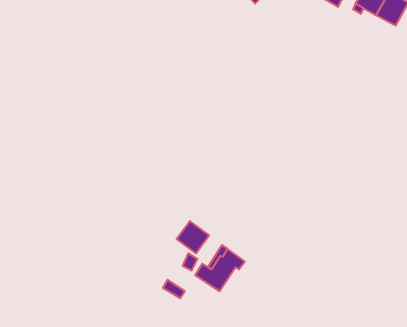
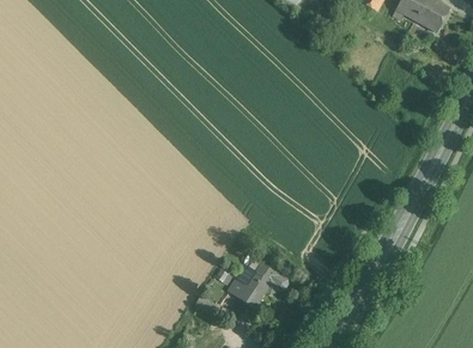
building: [177,221,209,253] -> none

